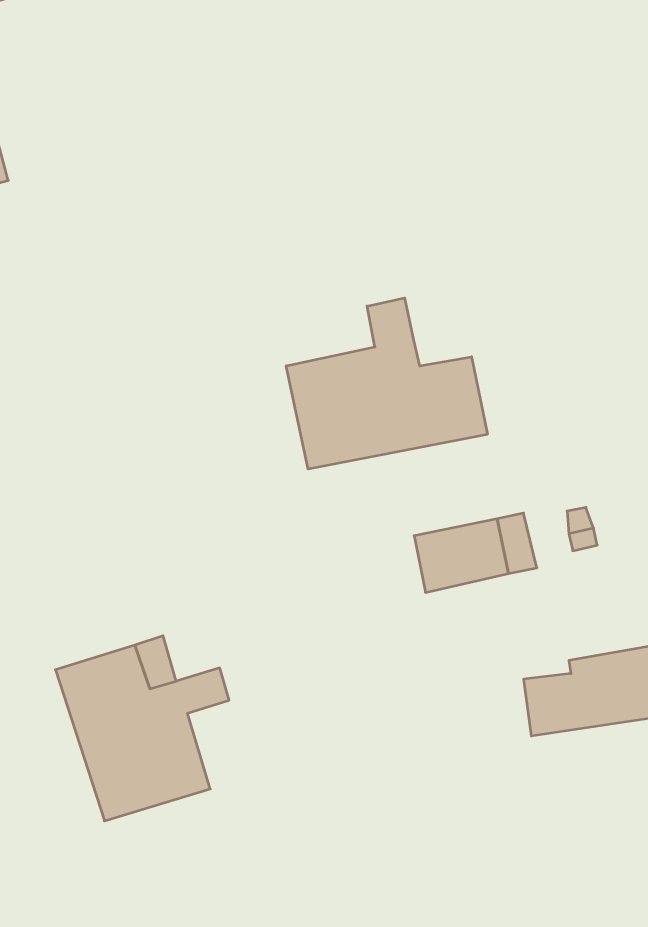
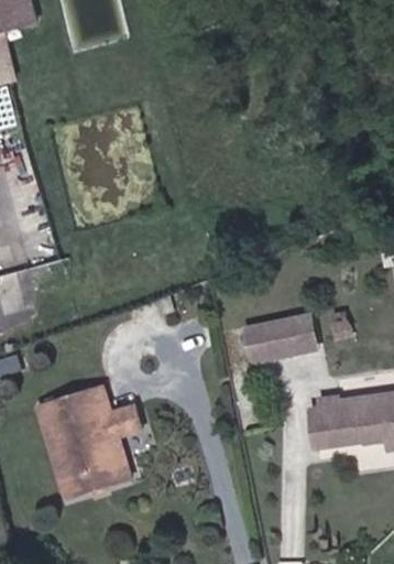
building: [286,298,487,469] -> none

